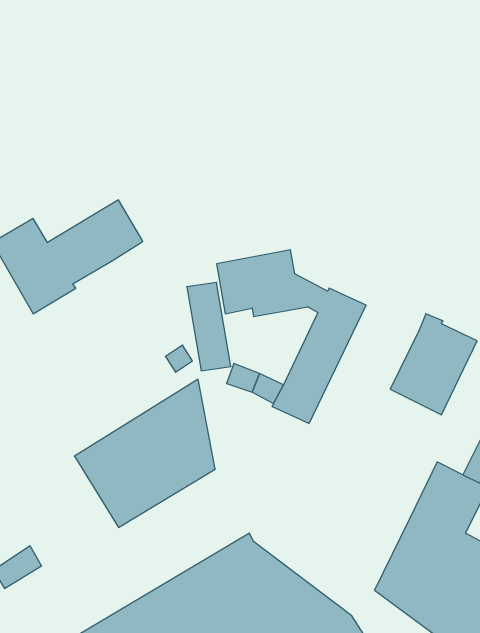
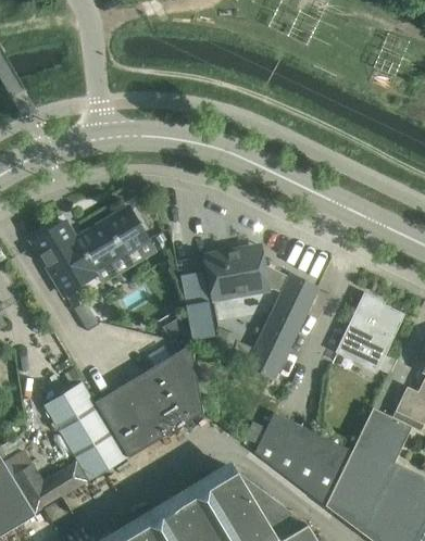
building: none -> [45,383,127,480]
building: none -> [255,413,352,505]

